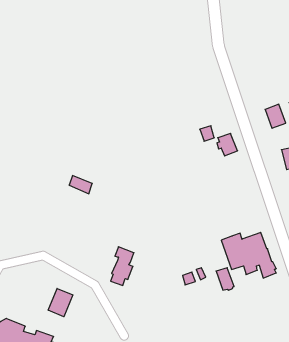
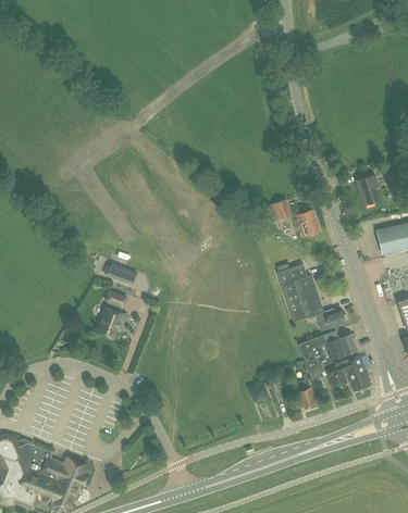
building: none -> [277,263,346,330]
building: [111,247,134,285] -> [98,289,127,338]
building: [48,288,73,317] -> none

